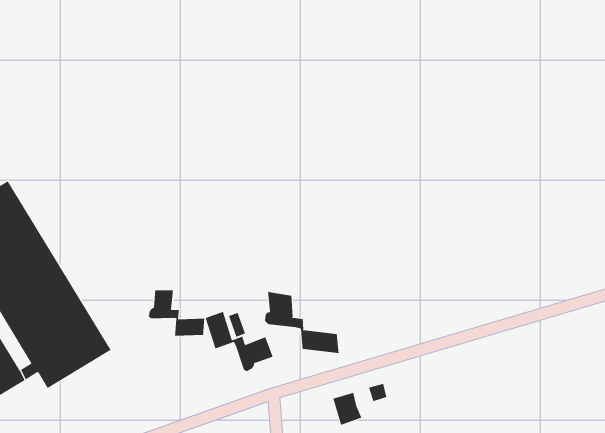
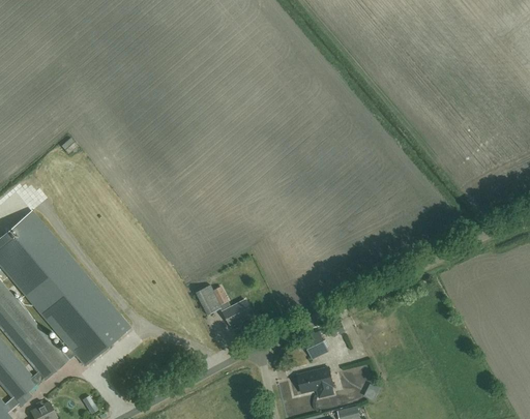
building: [148,290,205,337] -> none
building: [265,291,339,354] -> none

